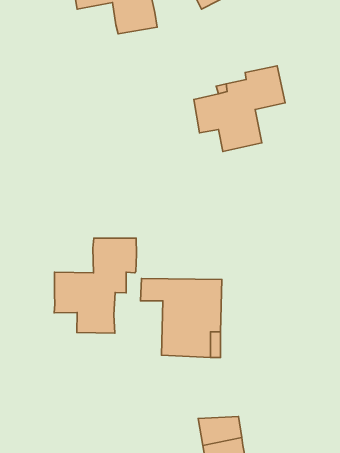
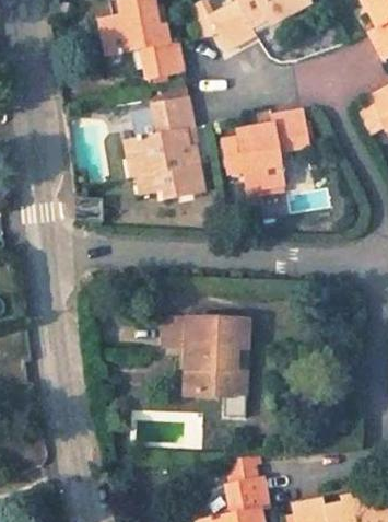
building: none -> [124,101,202,204]
building: [54,238,137,333] -> none

